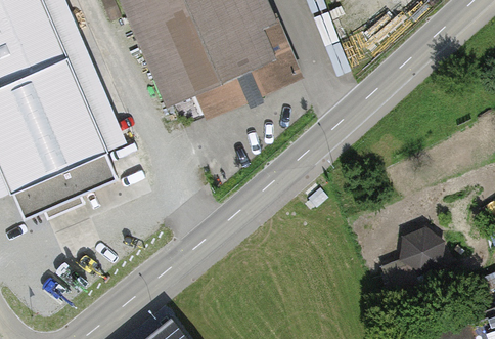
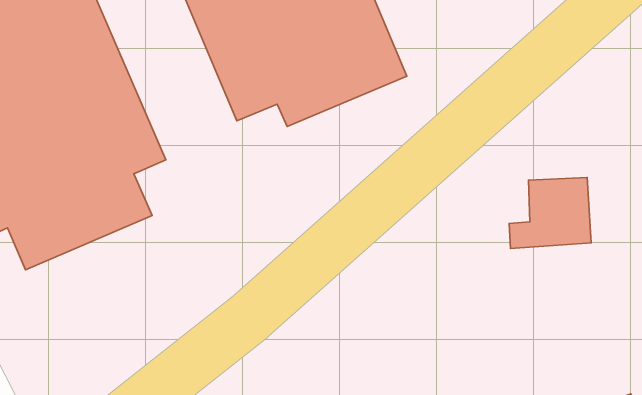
building: [382,224,443,277] -> [509,177,591,248]

